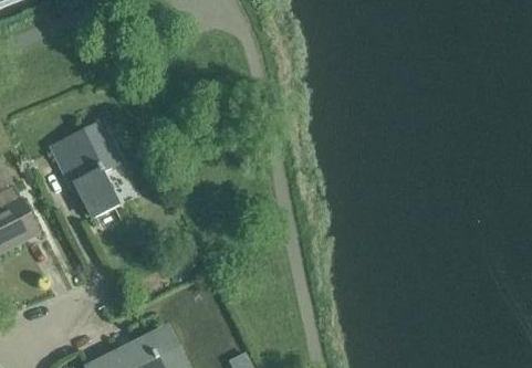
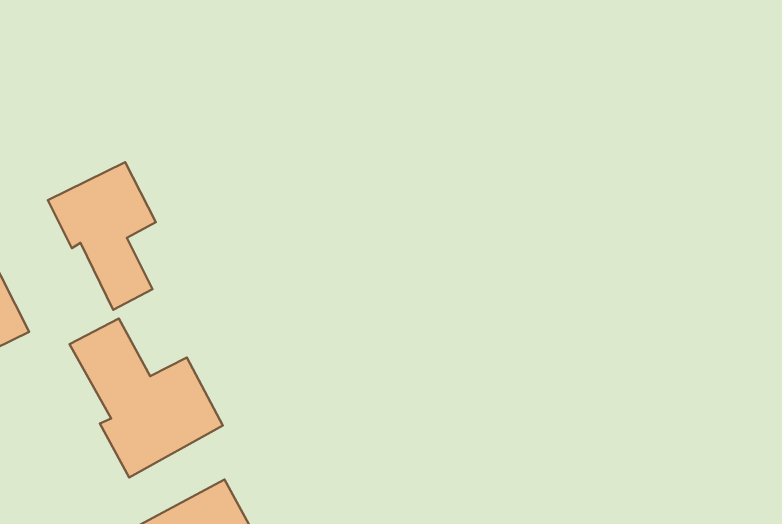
building: none -> [70,319,223,477]

